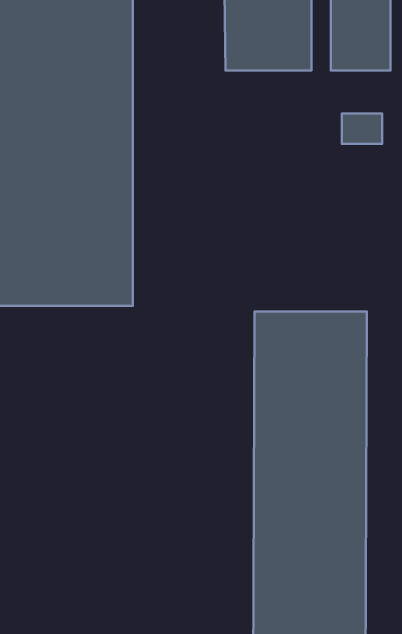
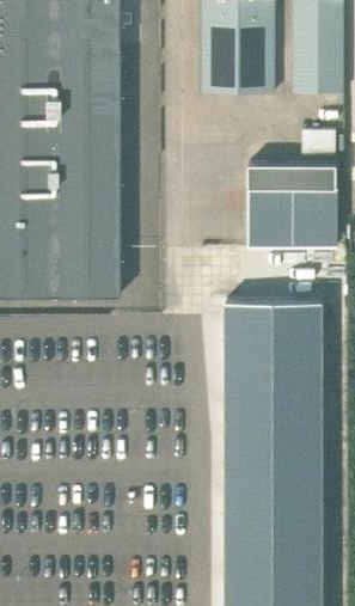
building: none -> [247,166,336,250]

